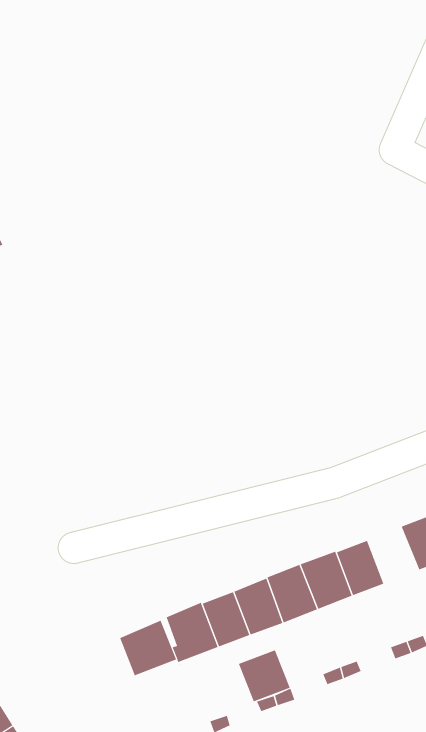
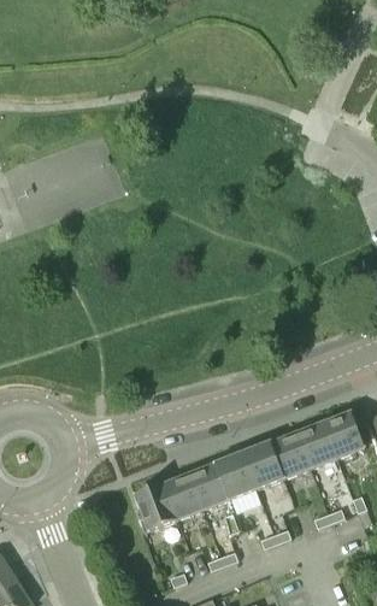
building: none -> [296,423,337,469]
building: [119,620,177,676] -> none
building: [238,650,290,702] -> none

